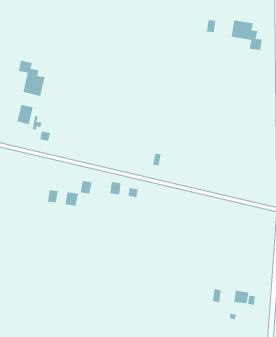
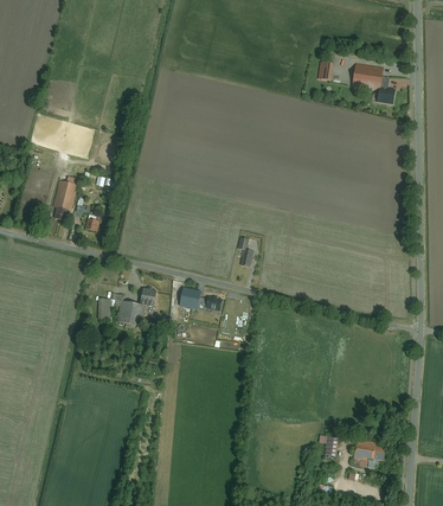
building: [18,60,45,97] -> none

